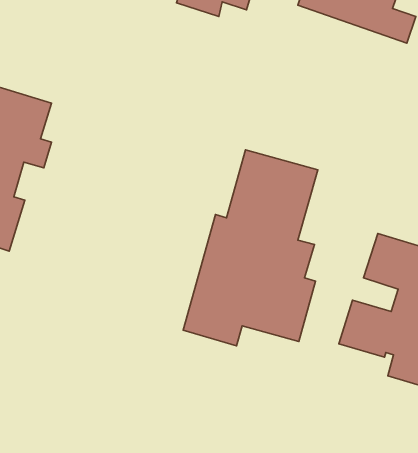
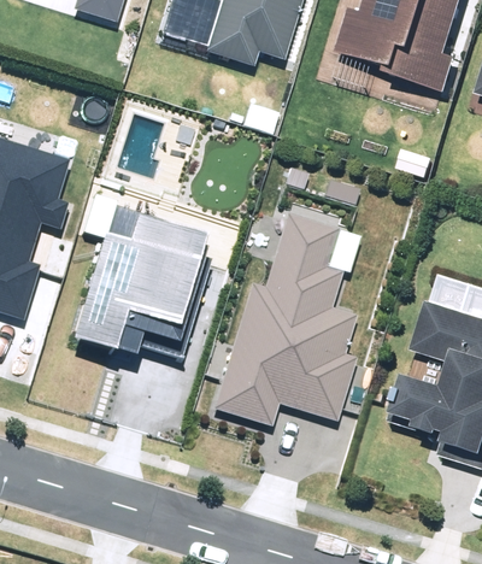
building: none -> [78,205,213,356]

